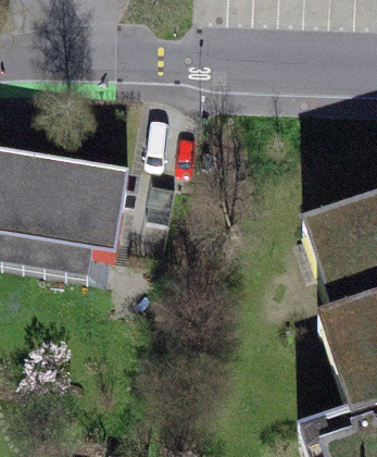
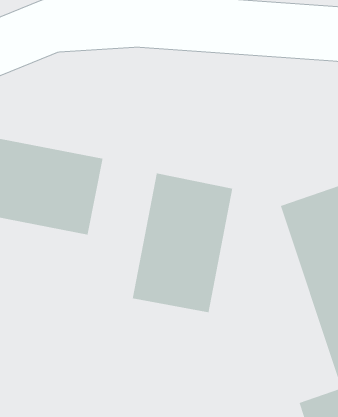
building: none -> [132,173,233,313]

